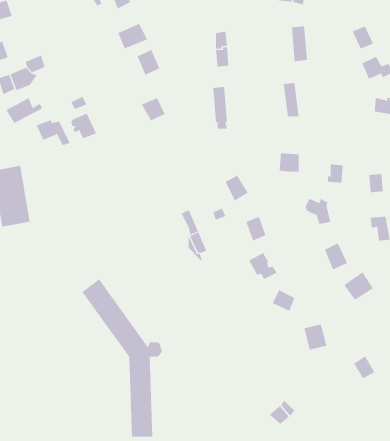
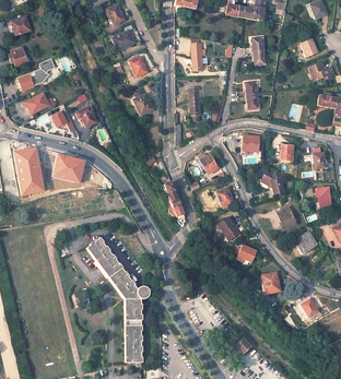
building: none -> [52,154,85,183]

